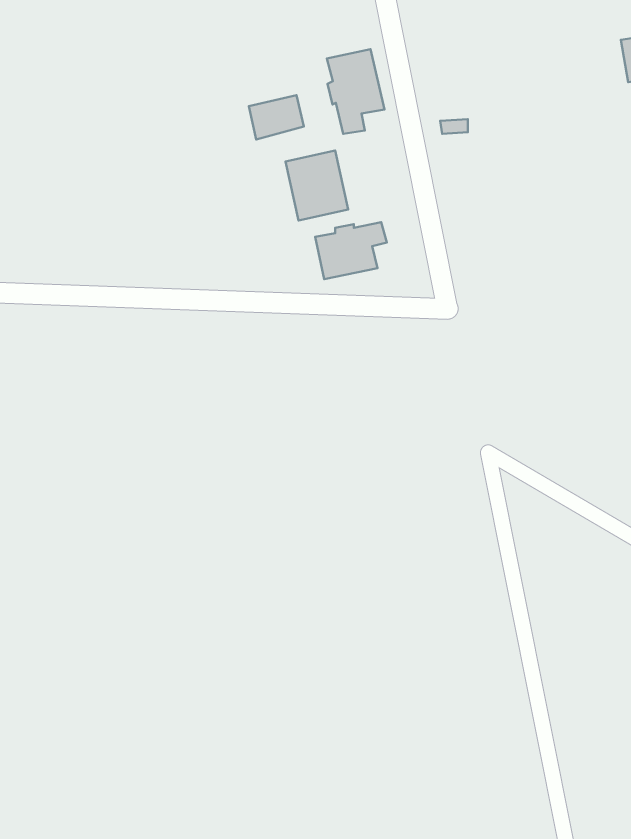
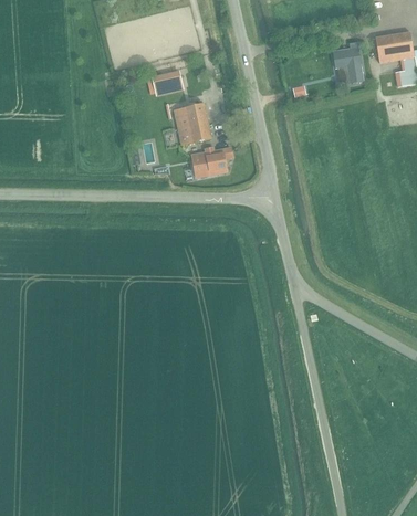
building: none -> [332,40,365,82]
building: [327,49,385,134] -> none

